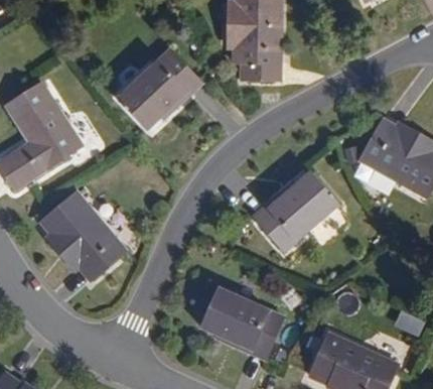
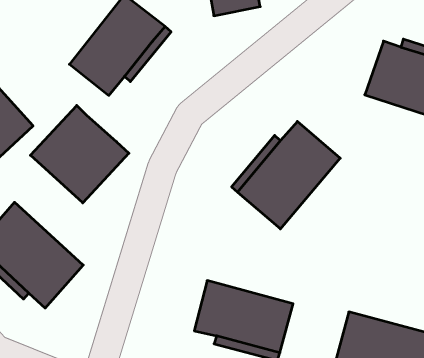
building: none -> [30,105,129,203]

